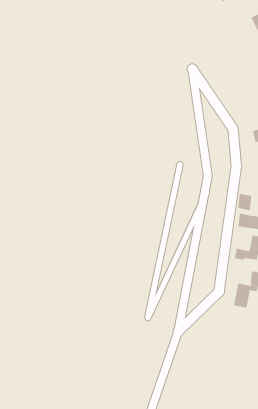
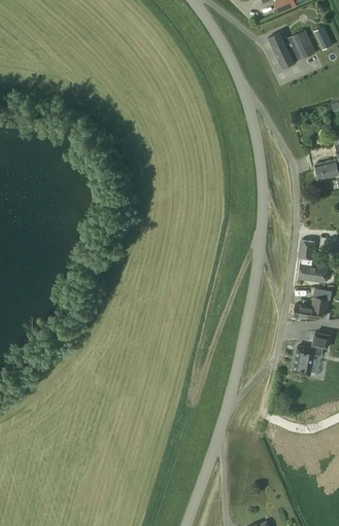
building: none -> [268,30,315,68]

